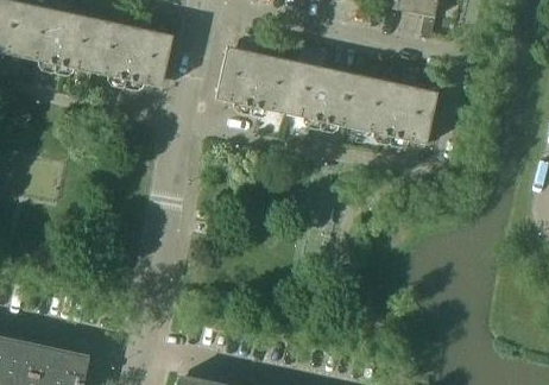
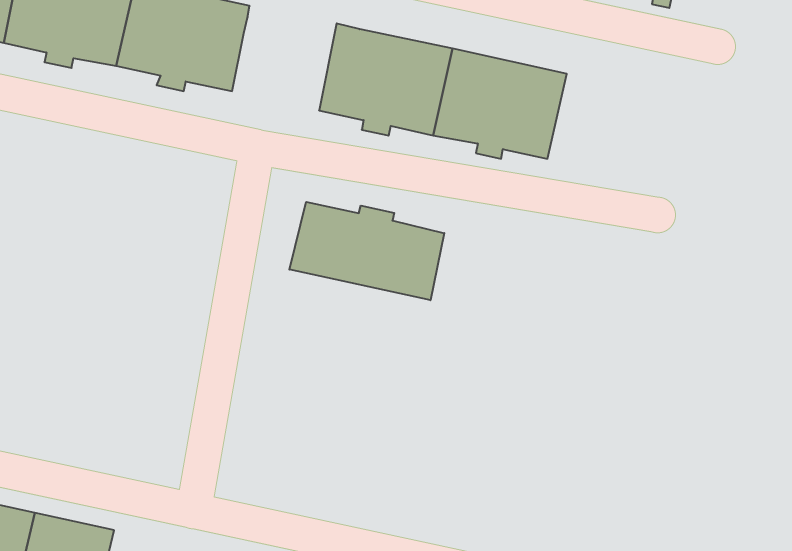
building: [355,76,437,144] -> none
building: none -> [289,202,444,300]

